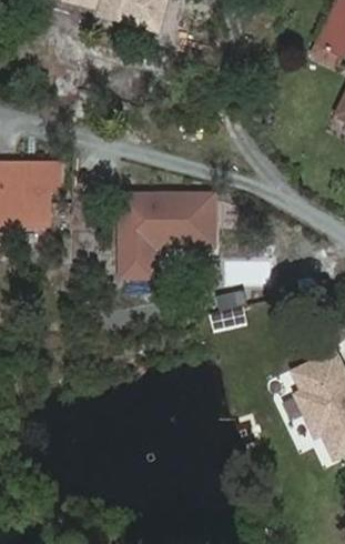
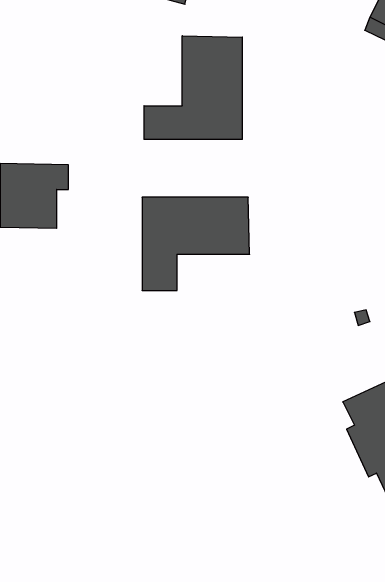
building: none -> [144,36,242,139]

